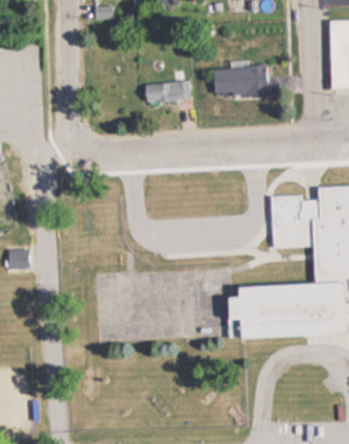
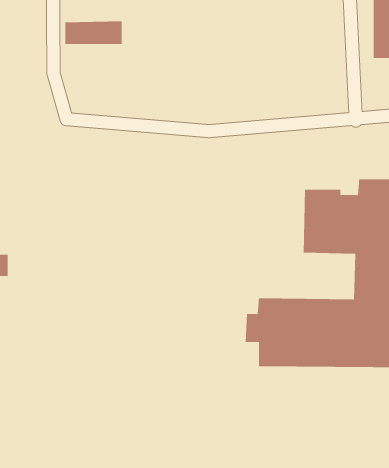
building: [217,64,270,95] -> none
building: [145,81,193,101] -> [64,21,123,44]

